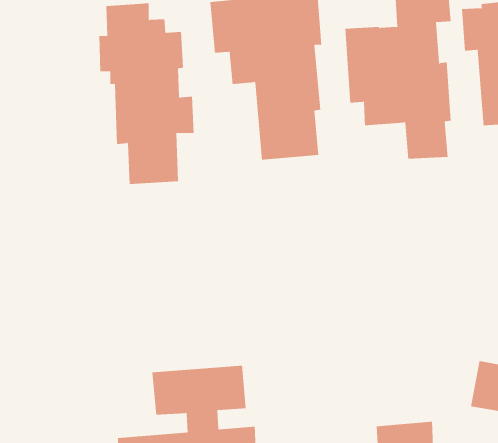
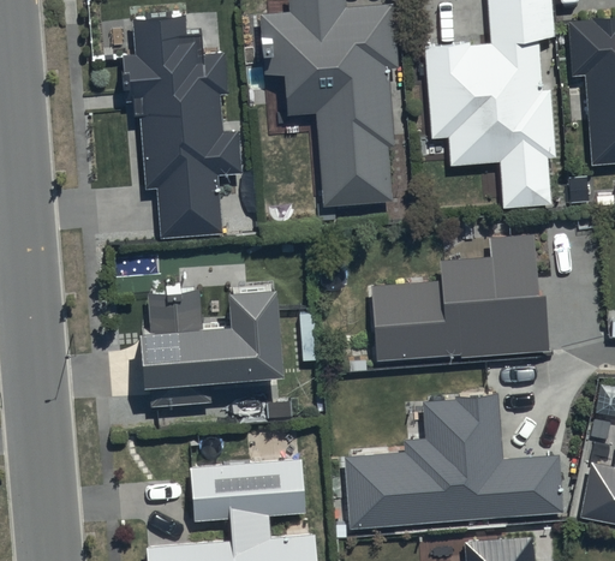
building: none -> [372,229,549,354]
building: none -> [139,293,282,411]
building: none -> [345,388,563,524]

